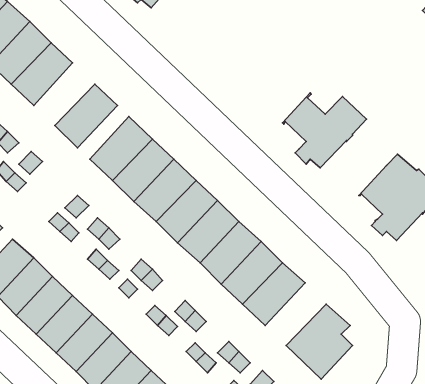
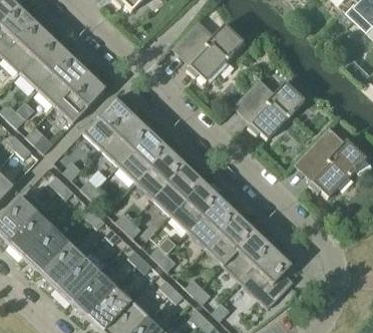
building: none -> [176,20,244,80]
building: none -> [38,54,87,104]
building: none -> [224,231,273,281]

